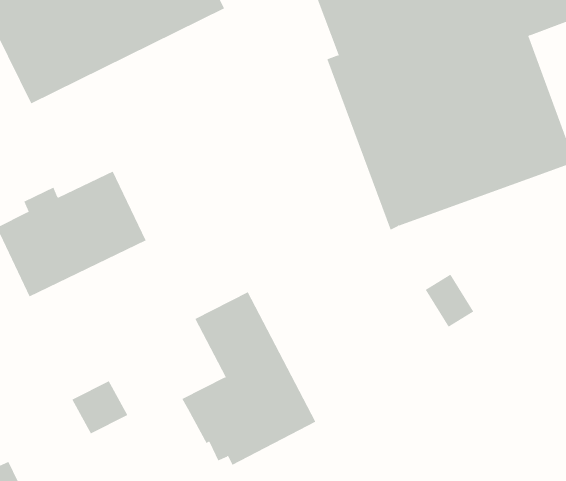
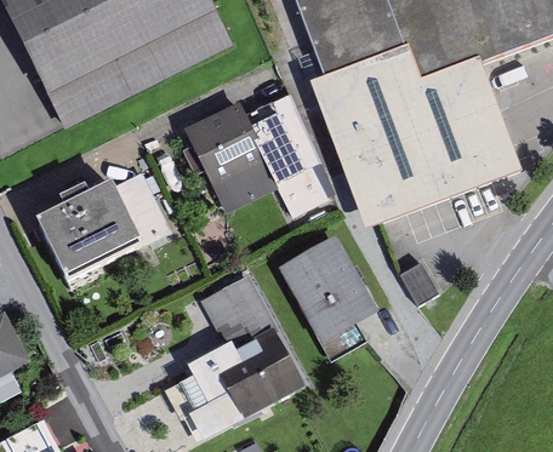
building: none -> [177,98,314,219]
building: none -> [284,239,381,344]
building: [72,380,128,434] -> [165,374,212,419]

